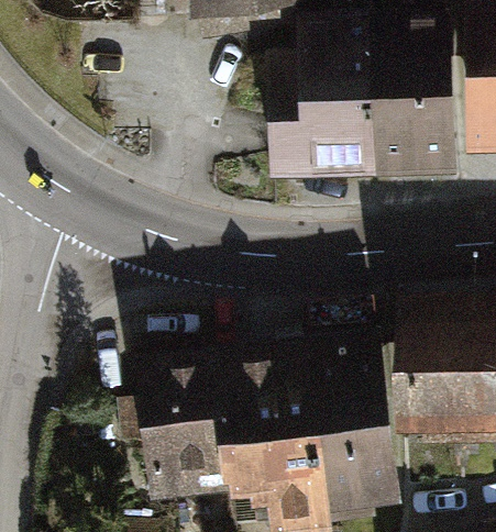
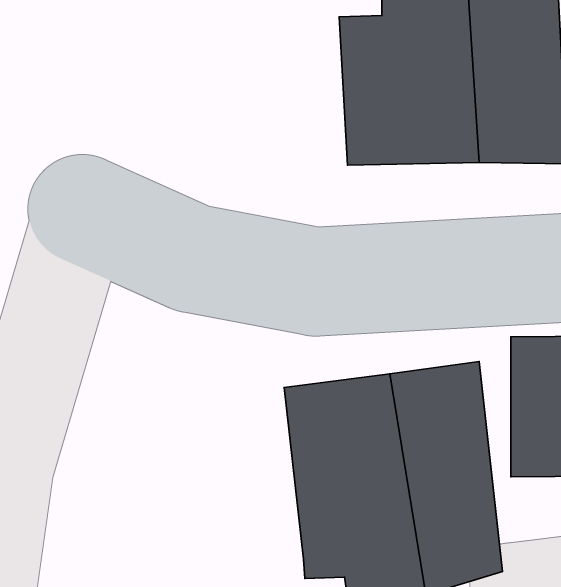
building: [147,355,245,502] -> none

